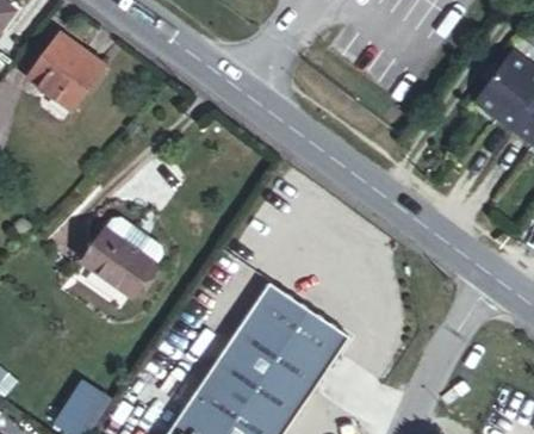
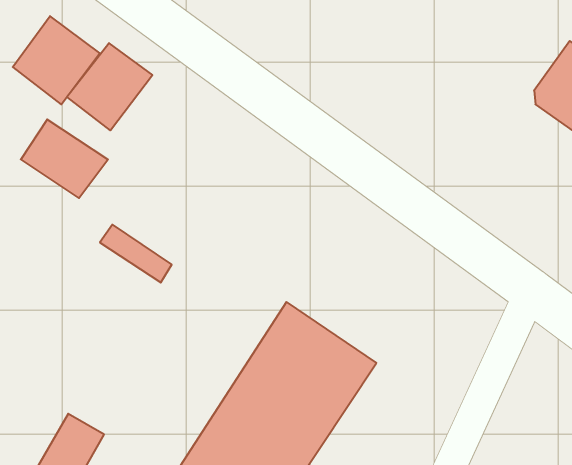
building: none -> [67,43,152,130]
building: [82,230,157,298] -> [21,119,108,198]

